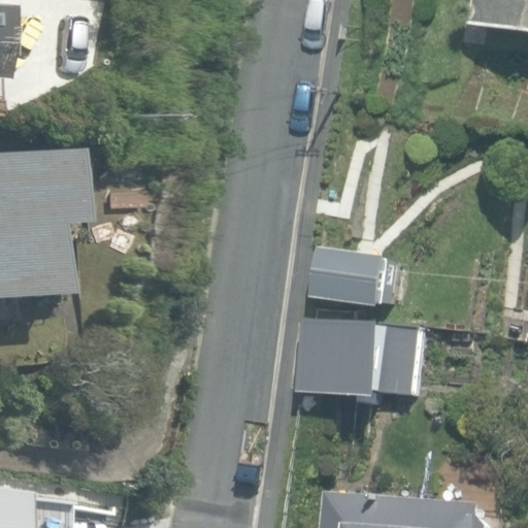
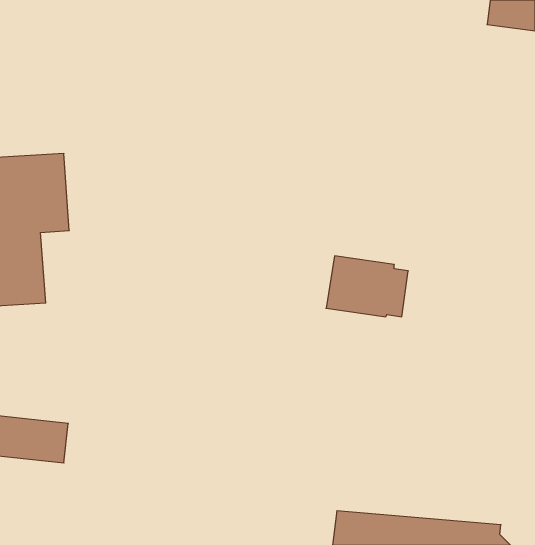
building: [303,319,418,398] -> none

